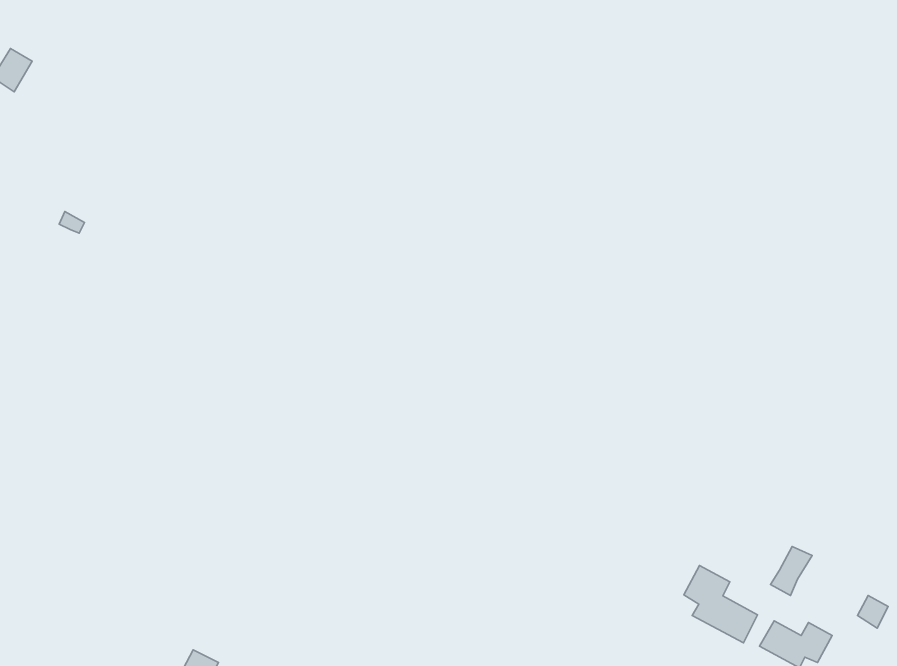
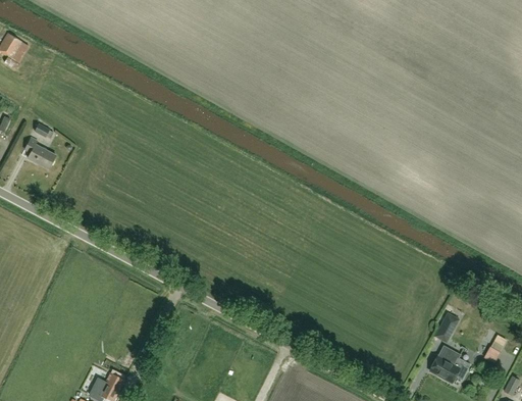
building: none -> [25,138,56,168]
building: [684,566,758,643] -> none

